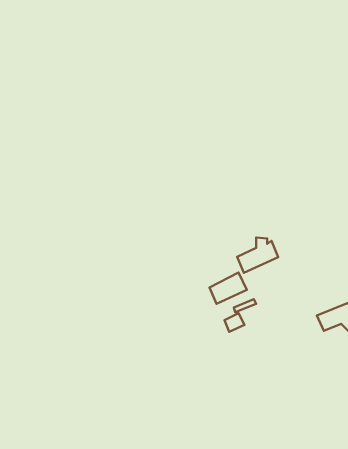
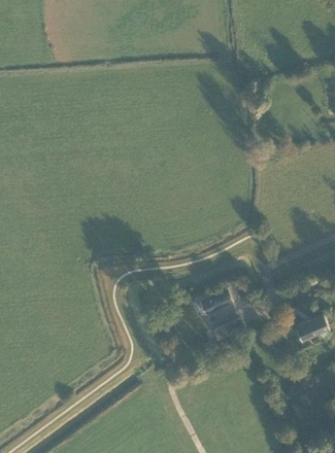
building: [237,237,278,273] -> none

